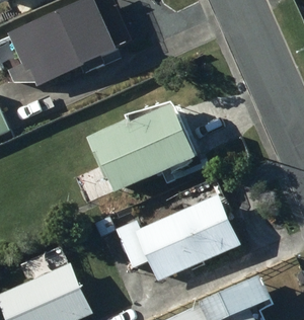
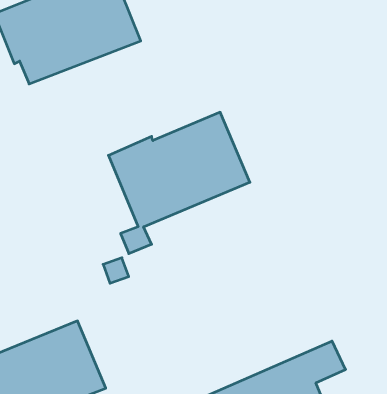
building: [109,194,240,279] -> none

